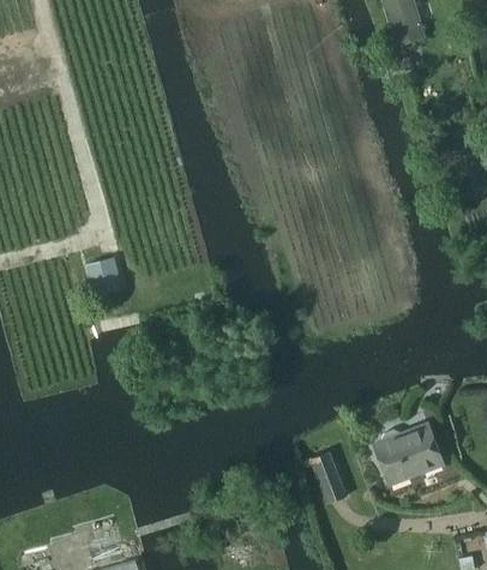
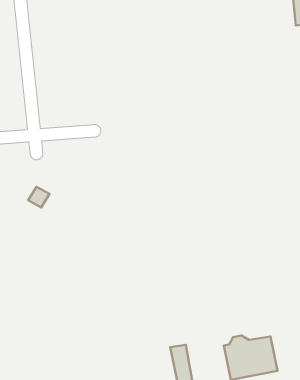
building: [88,258,120,290] -> none

